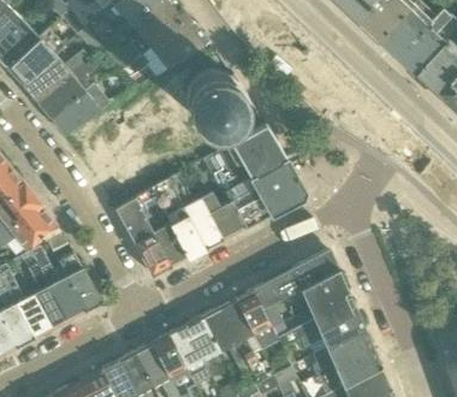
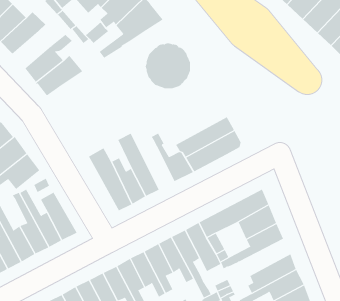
building: [22,55,70,101] -> none
building: [203,125,286,195] -> none
building: [168,174,221,250] -> none
building: [301,310,364,356] -> none

